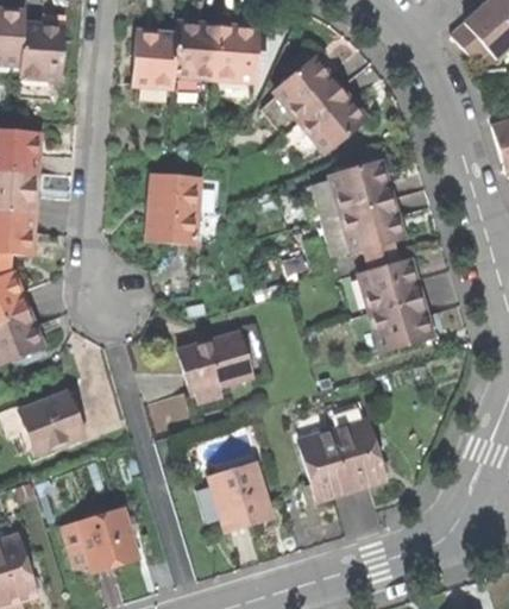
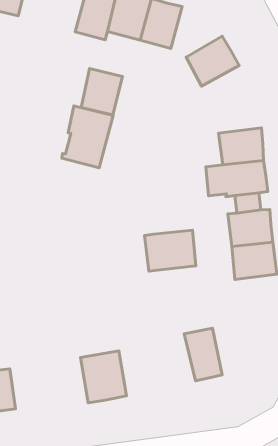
building: [299,88,365,153] -> none
building: none -> [81,68,123,115]
building: [176,333,245,393] -> [144,230,196,271]
building: [299,427,354,497] -> none

